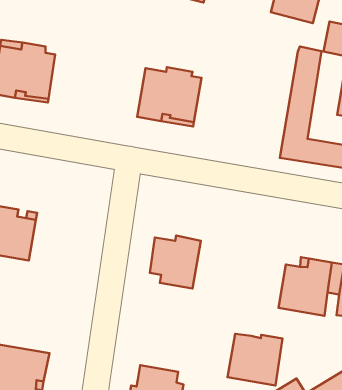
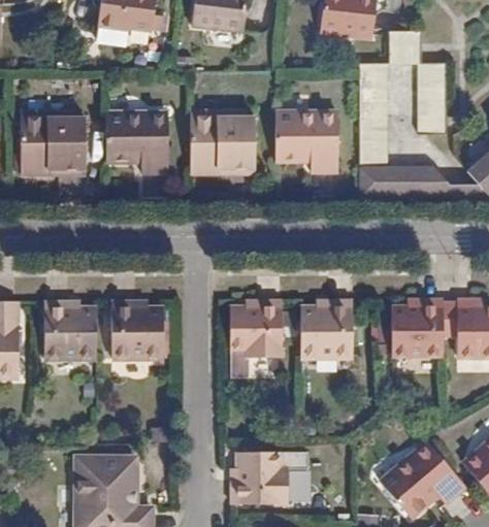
building: none -> [106,113,167,175]
building: none -> [274,112,337,172]
building: none -> [117,302,167,358]
building: [228,334,283,385] -> [301,302,357,357]

